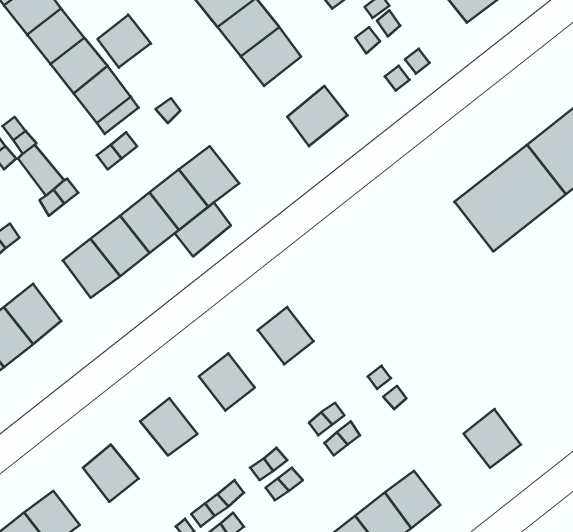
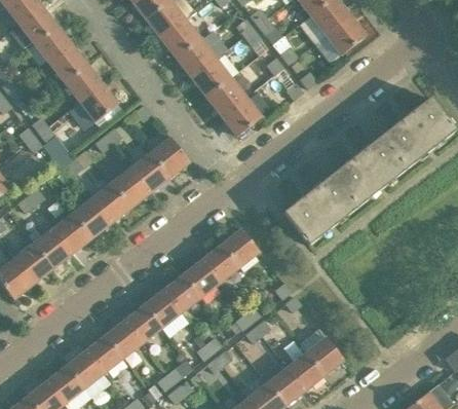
building: [98,15,151,68] -> none
building: none -> [206,77,246,117]
building: none -> [283,174,358,246]
building: [175,202,231,256] -> none
building: none -> [53,213,91,253]
building: none -> [222,228,260,266]
building: none -> [183,259,220,297]
building: none -> [144,290,181,328]
building: [464,409,521,468] -> [306,336,344,375]
building: none -> [105,320,143,358]
building: none -> [67,350,104,388]

